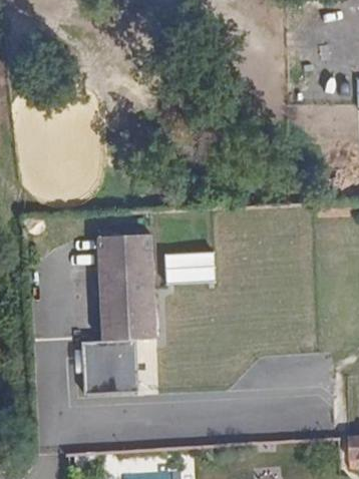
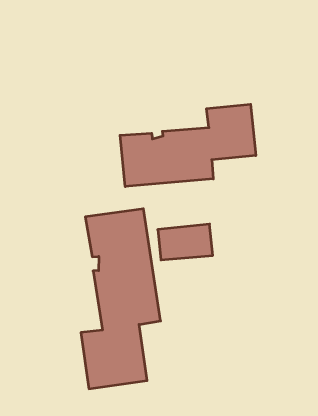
building: none -> [120,104,256,187]

